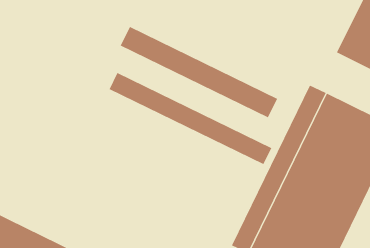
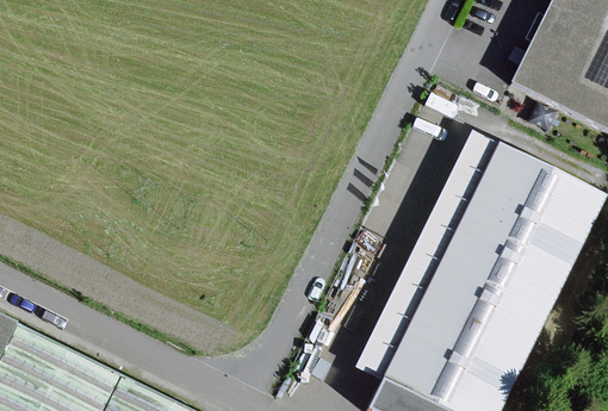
building: [120,26,278,118] -> none
building: [109,72,272,165] -> none

